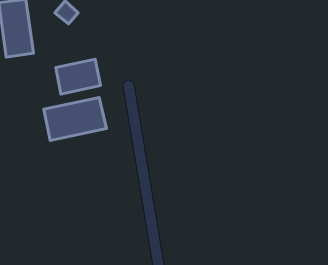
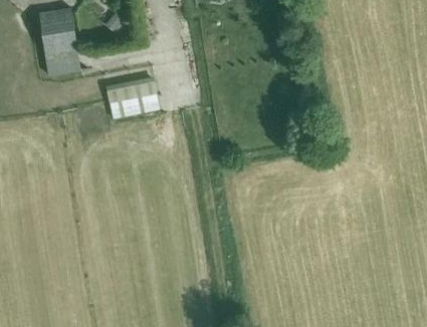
building: [44,97,106,141] -> none

